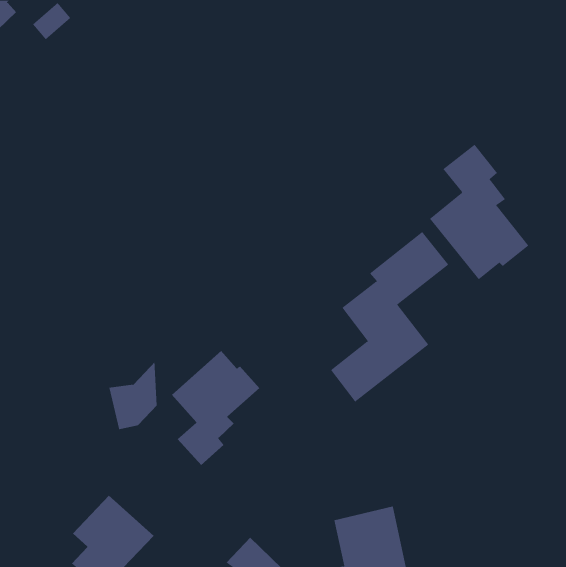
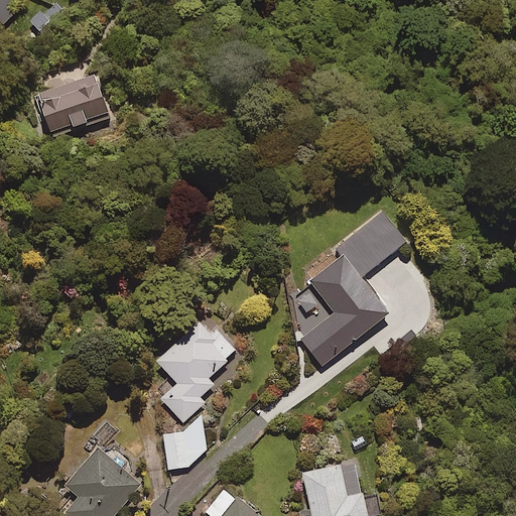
building: none -> [36,74,109,134]
building: [429,144,529,280] -> none
building: [109,361,157,430] -> [161,410,206,473]

